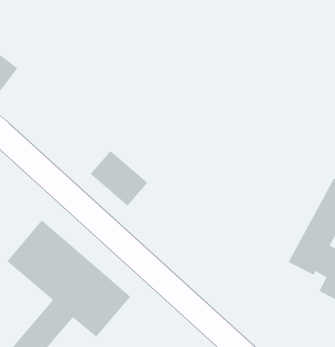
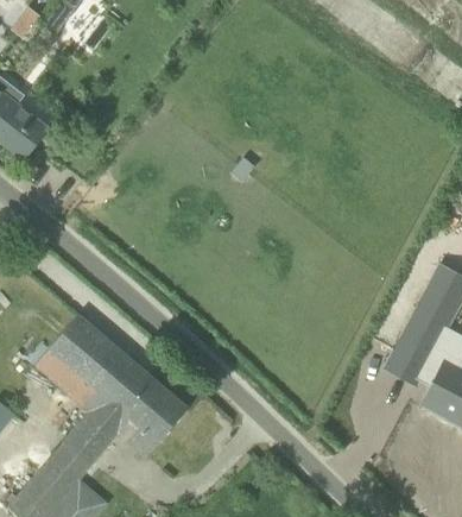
building: [90,150,148,207] -> none

